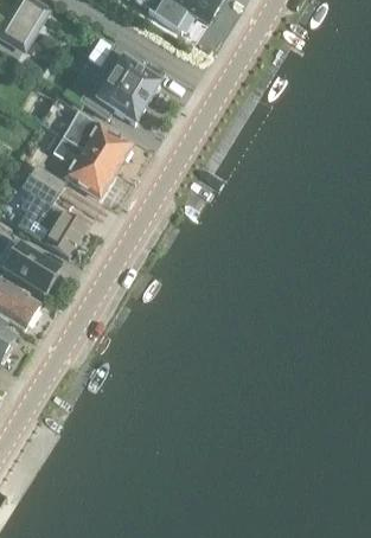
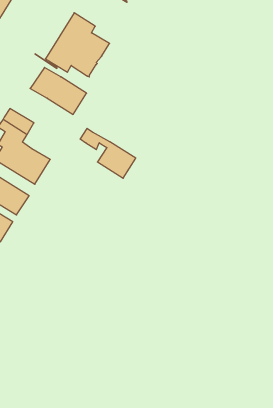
building: [45,134,114,196] -> [80,128,136,178]

